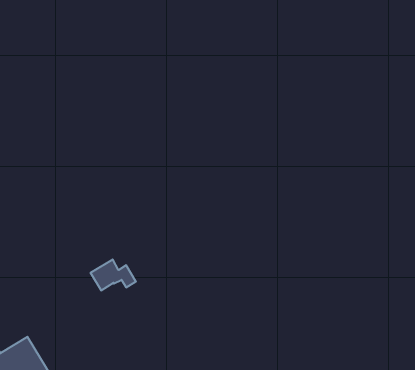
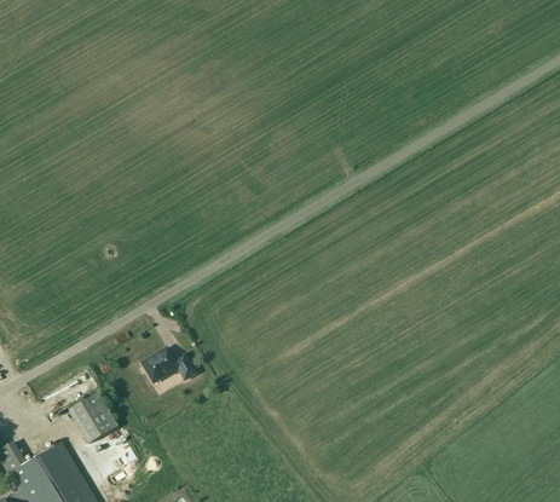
building: none -> [68,388,119,440]

